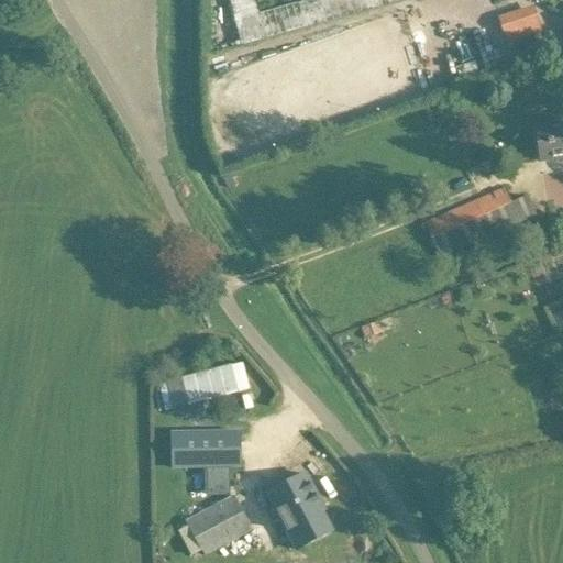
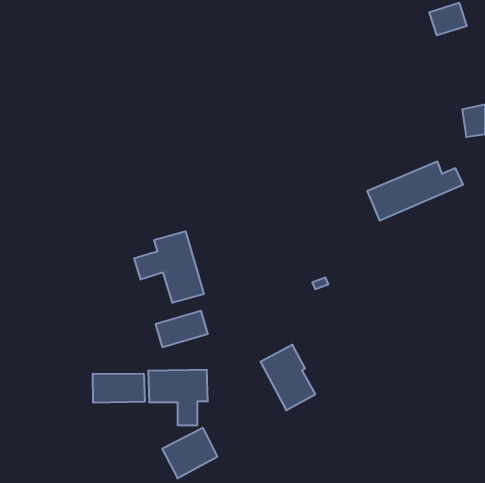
building: none -> [134,231,204,303]
building: none -> [93,374,145,403]
building: [268,472,332,548] -> [260,345,315,410]

